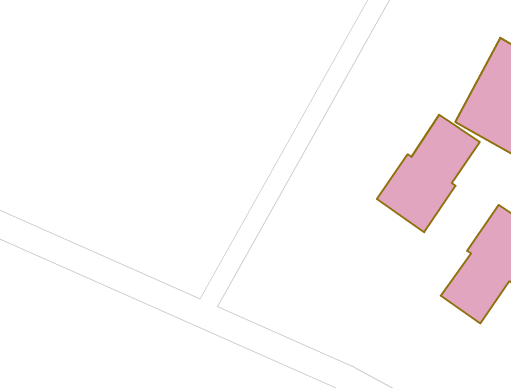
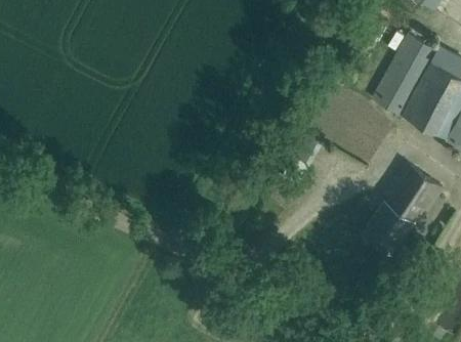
building: [377,115,480,232] -> none

